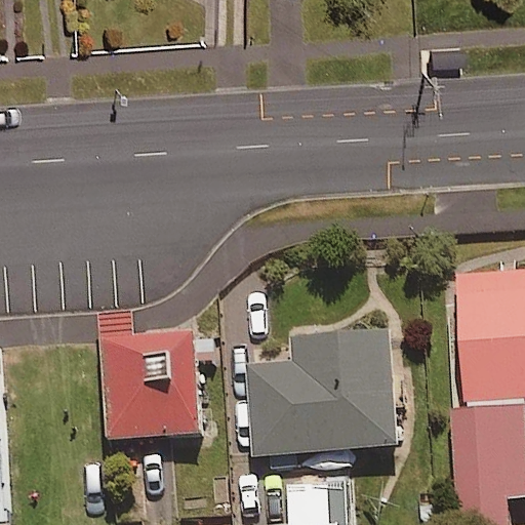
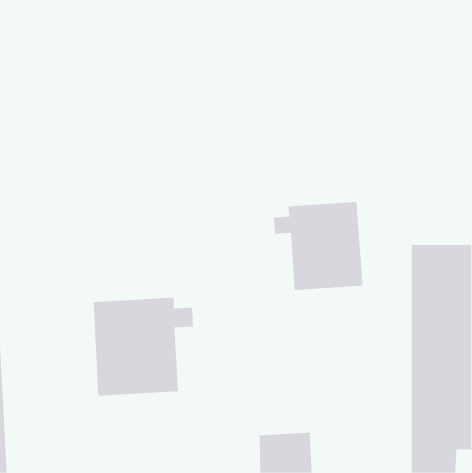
building: none -> [273,201,363,291]
building: [247,328,396,455] -> none

